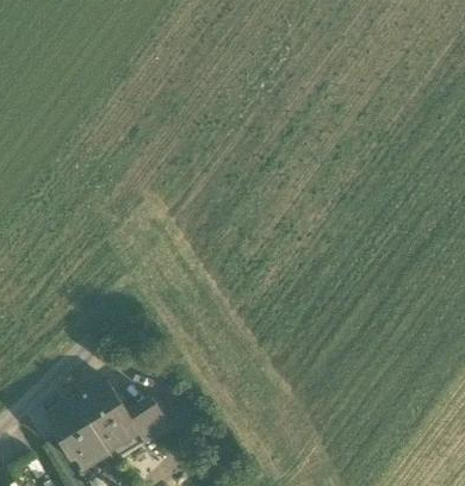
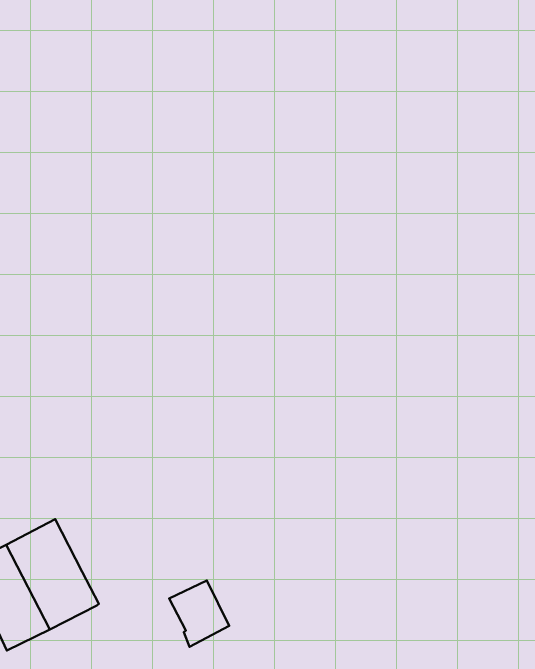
building: [129,400,170,446] -> [169,581,229,647]

